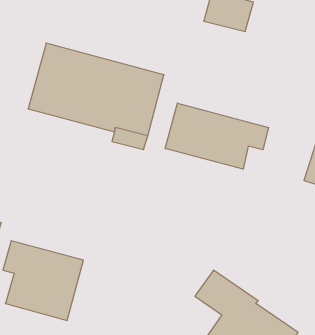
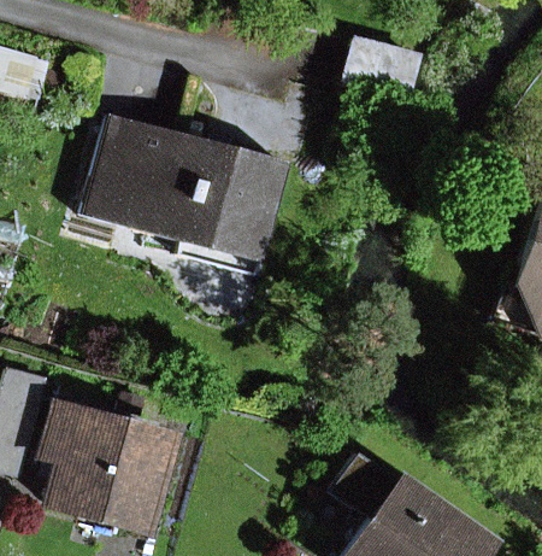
building: [165,103,268,169] -> none

